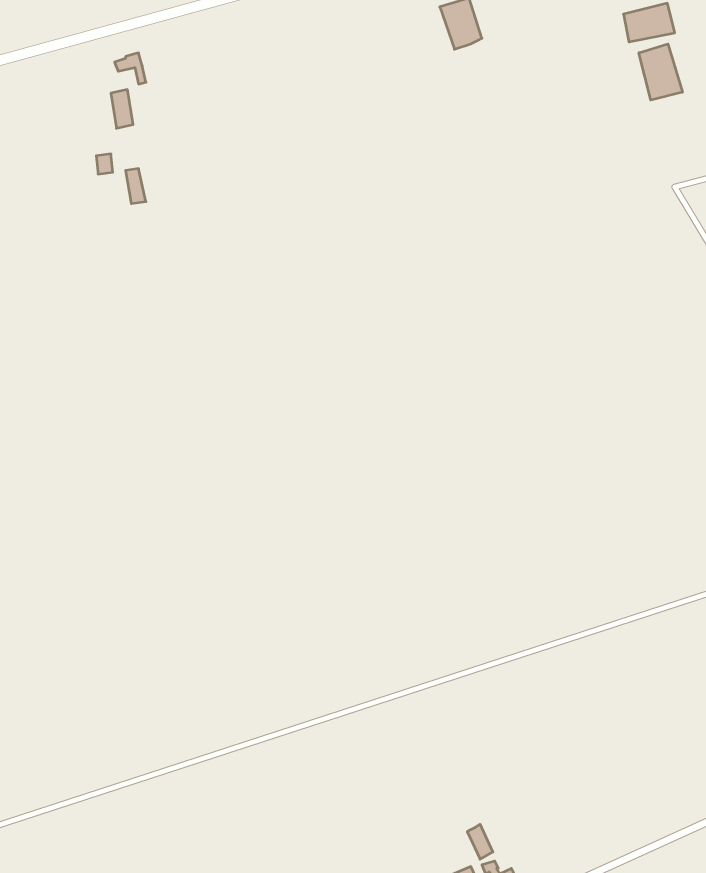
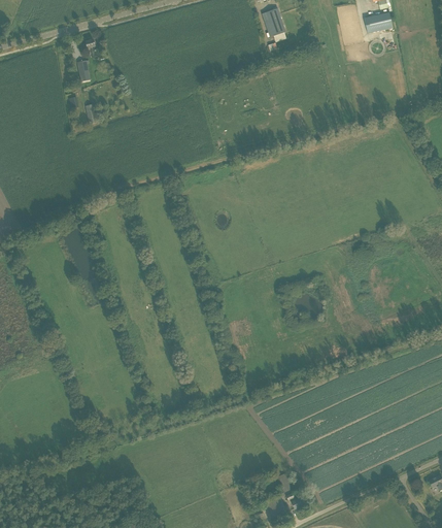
building: [639,44,682,100] -> none

